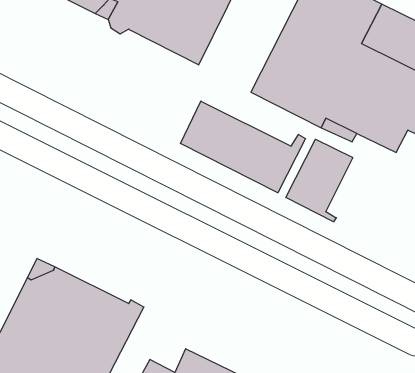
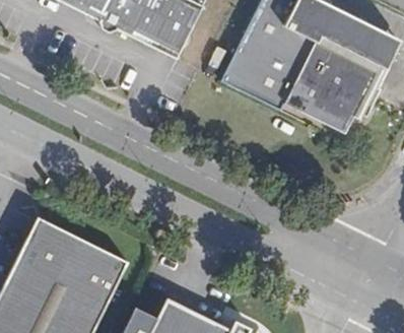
building: [181,101,306,193] -> none
building: [286,139,353,222] -> none

